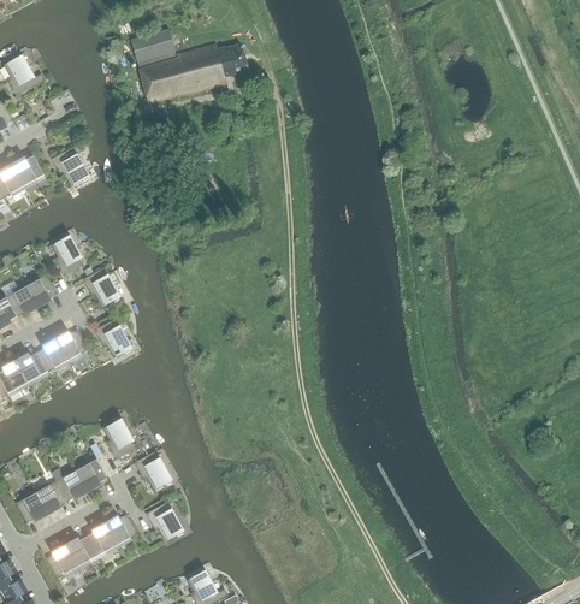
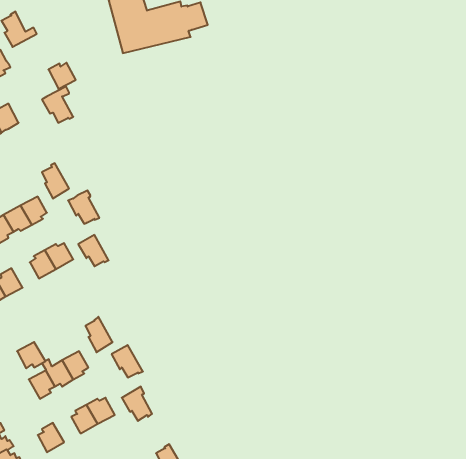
building: [11,155,43,186] -> [48,63,76,89]
building: [14,353,47,383] -> none
building: [14,492,48,523] -> [17,342,45,368]
building: [64,537,101,568] -> none

